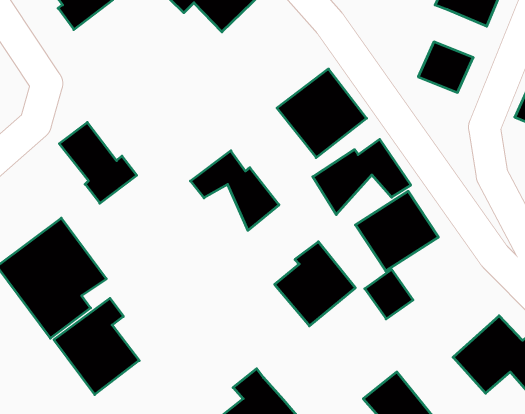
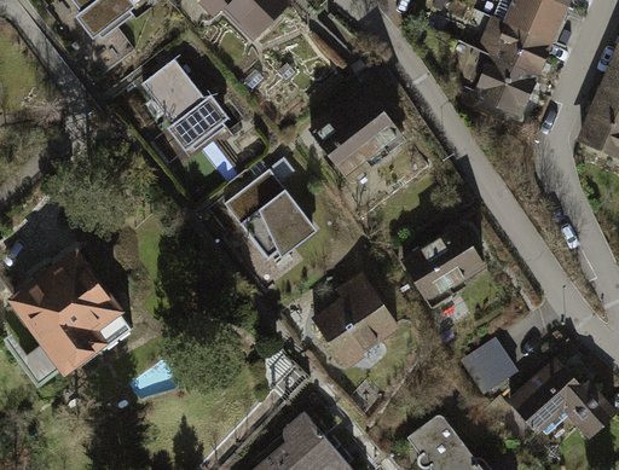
building: none -> [485,23,542,75]
building: [59,122,137,203] -> [144,65,227,152]
building: [313,139,411,215] -> none
building: [365,270,413,319] -> [462,337,514,390]
building: [54,298,139,395] -> none

